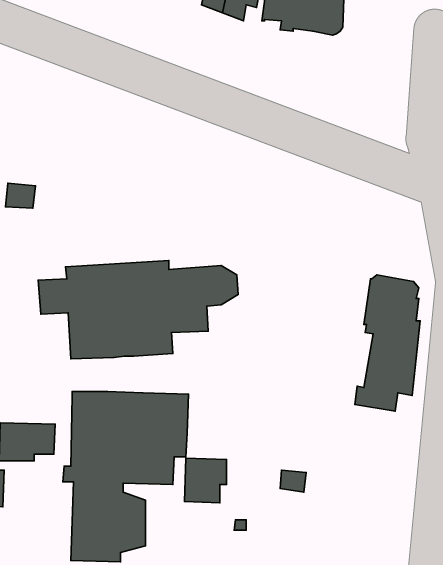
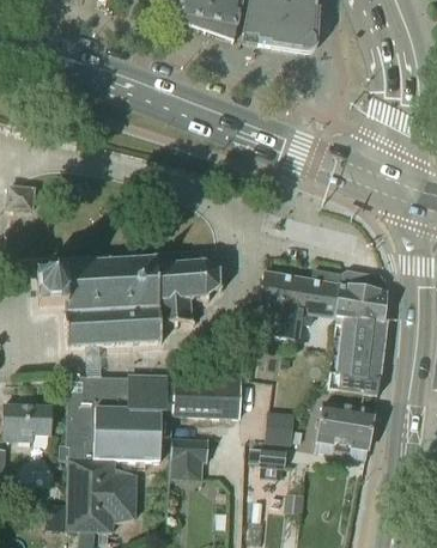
building: none -> [254,268,340,339]
building: none -> [172,376,241,416]
building: none -> [315,402,374,453]
building: none -> [266,412,293,444]

